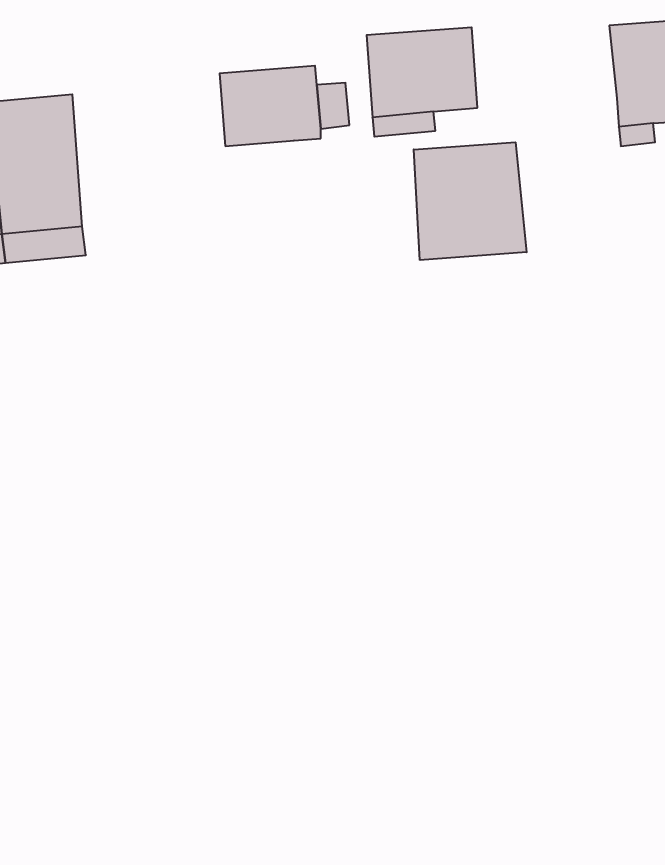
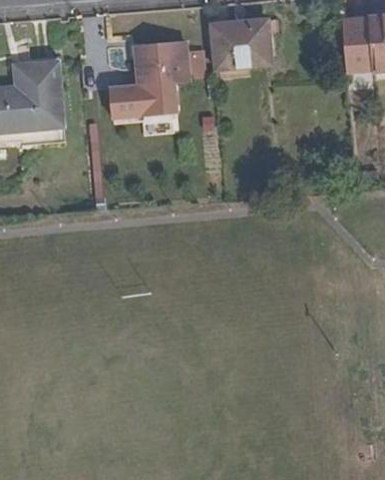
building: none -> [109,79,177,115]
building: [414,142,527,260] -> none

